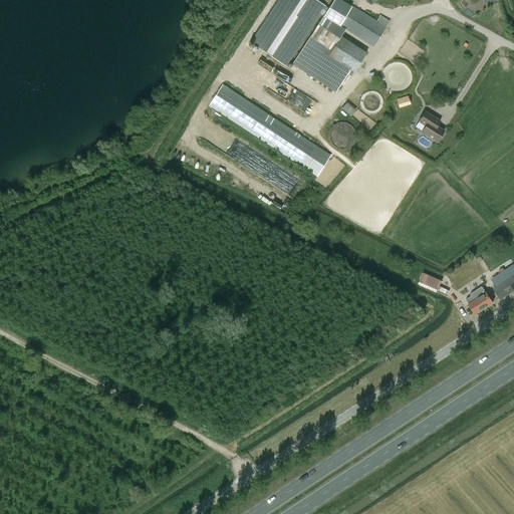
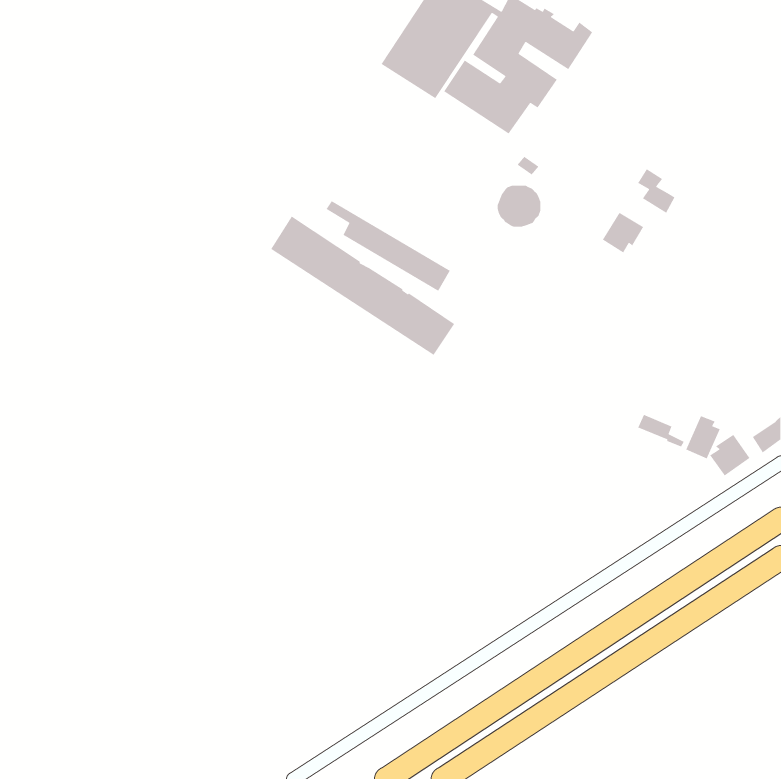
building: [209,83,330,176] -> [270,215,455,356]
building: none -> [602,212,644,253]
building: none -> [685,415,721,460]

